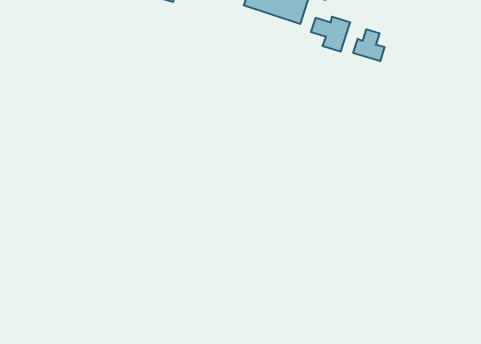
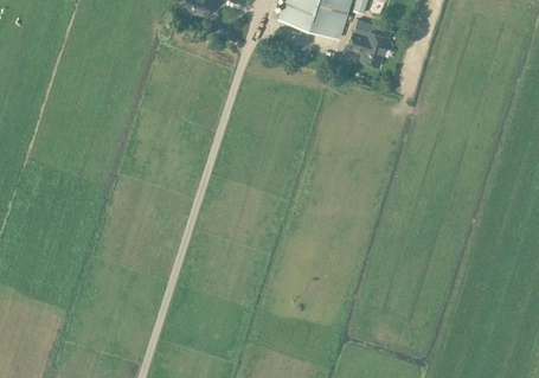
building: [353,29,385,61] -> none

